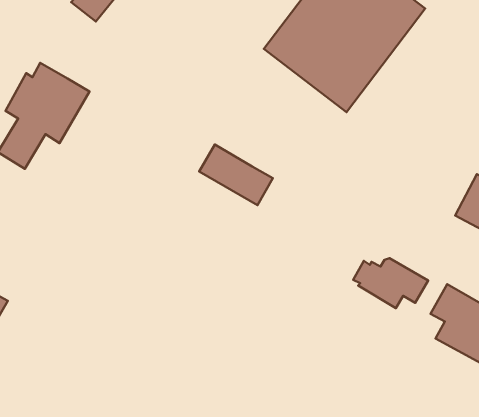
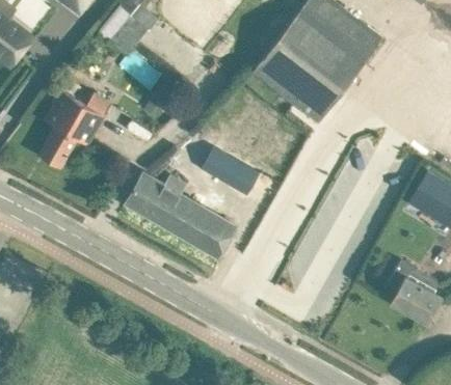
building: none -> [125,174,235,258]
building: [353,258,428,308] -> none

